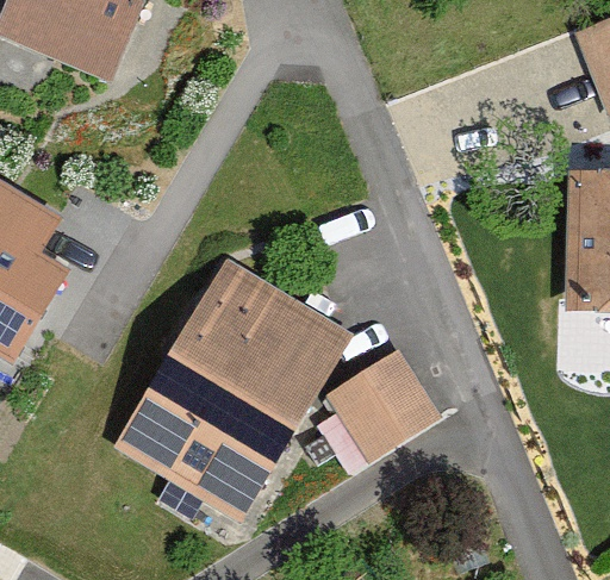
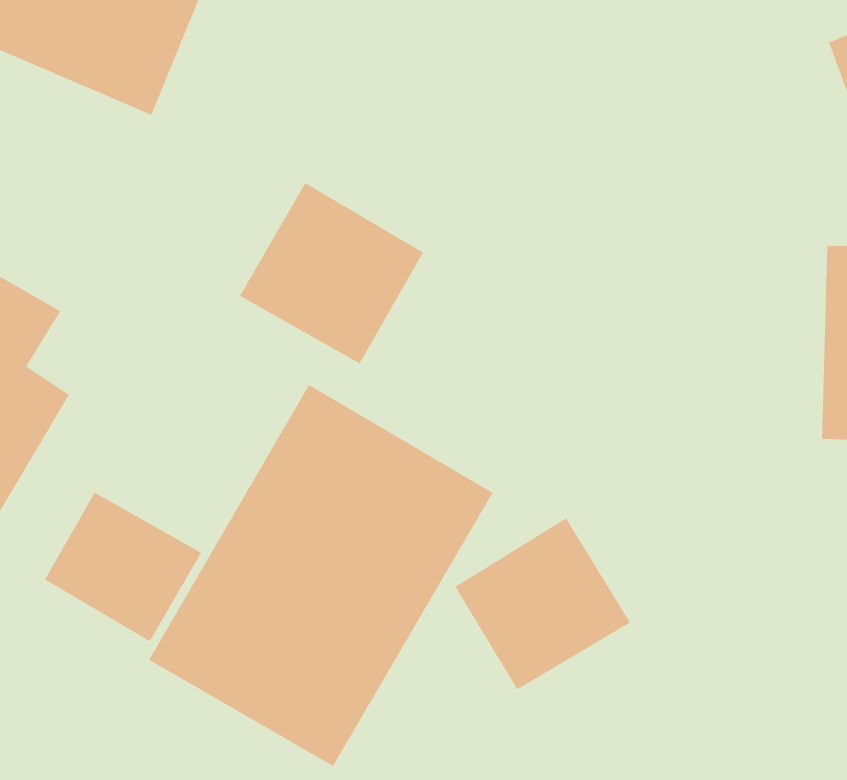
building: none -> [239,182,424,364]
building: none -> [44,492,202,642]

